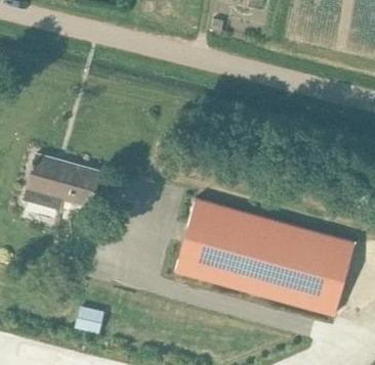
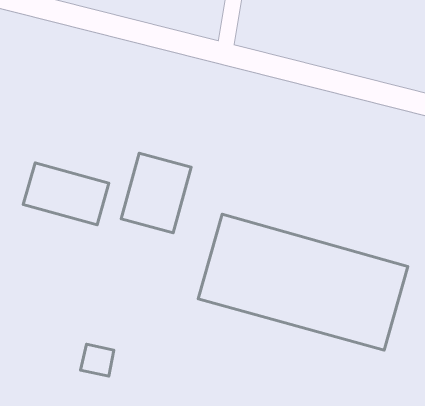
building: none -> [121,153,191,233]

